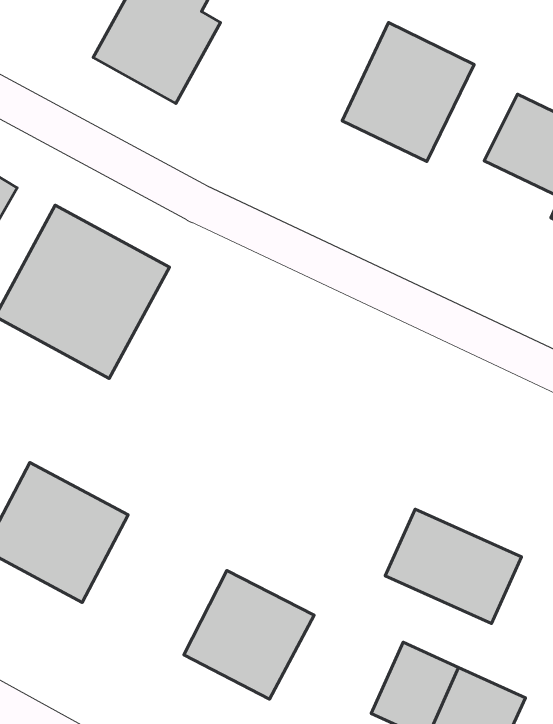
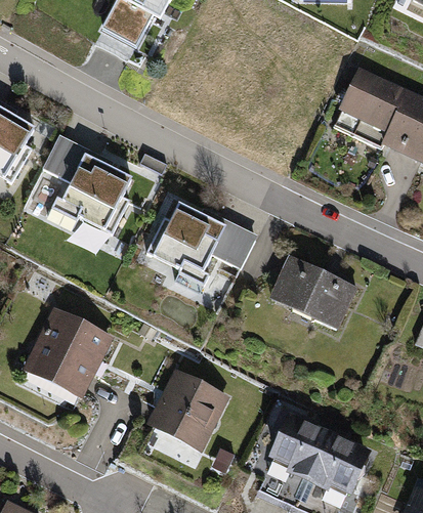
building: [342,23,474,161] -> none
building: none -> [131,190,255,305]
building: [385,509,522,624] -> [266,254,354,328]

